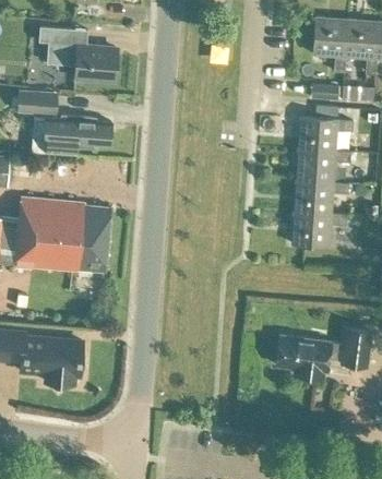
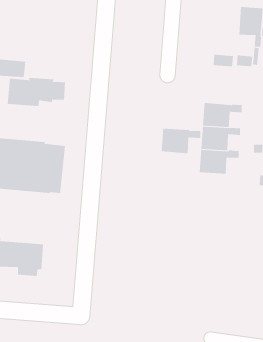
building: [314,17,348,73] -> none
building: [39,27,118,82] -> none
building: [299,118,354,153] -> [161,128,201,154]
building: [277,328,372,379] -> none

